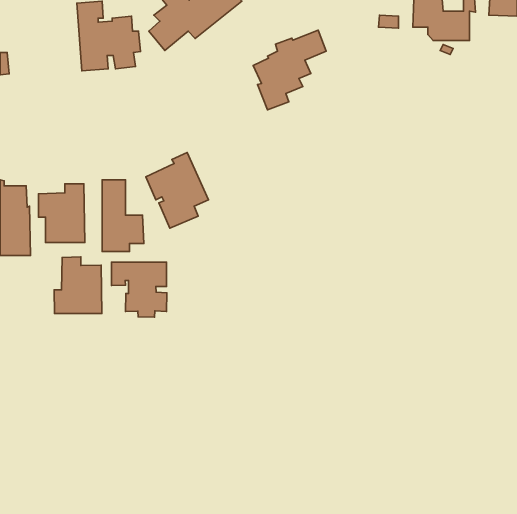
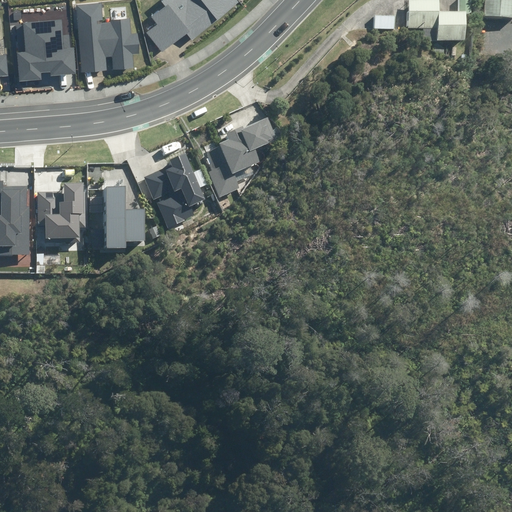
building: none -> [17,18,76,80]
building: [253,30,326,110] -> [205,116,277,195]
building: [54,257,102,313] -> none
building: [111,262,167,317] -> none

